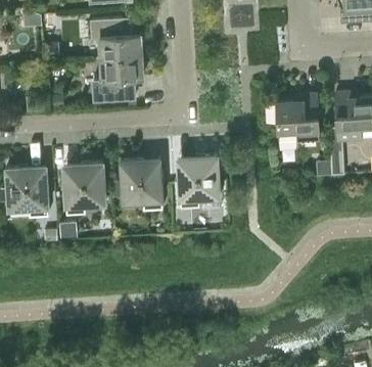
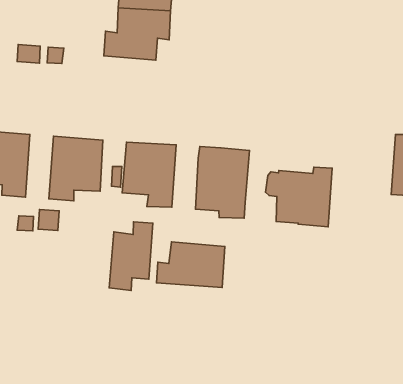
building: [268,94,320,141] -> [265,167,332,227]
building: none -> [109,222,153,291]
building: none -> [157,242,225,288]

